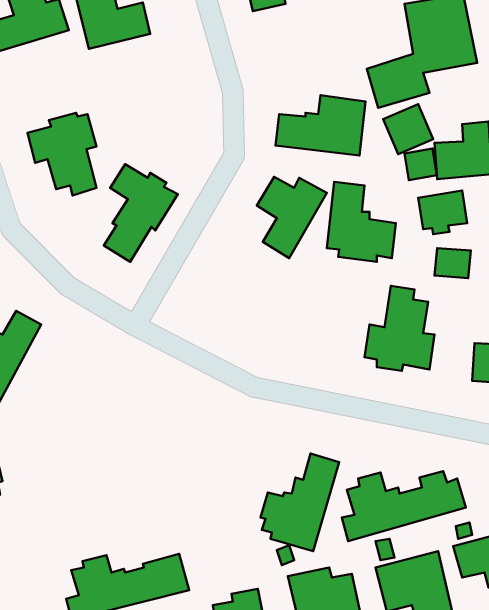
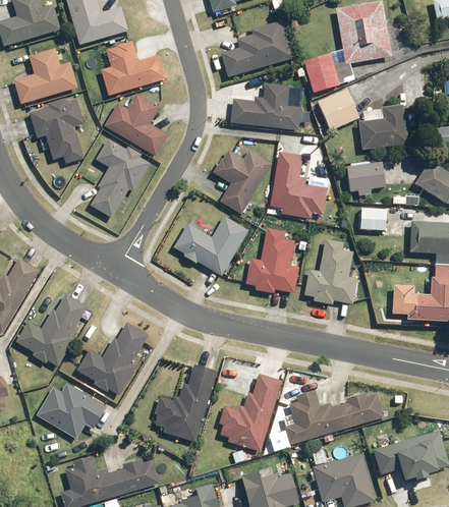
building: none -> [221,20,294,77]
building: none -> [101,41,167,96]
building: none -> [12,48,78,106]
building: none -> [105,95,167,155]
building: [404,149,437,180] -> none
building: none -> [174,214,250,277]
building: none -> [246,229,298,294]
building: none -> [15,291,88,369]
building: none -> [75,323,149,396]
building: none -> [154,364,218,442]
building: none -> [37,382,108,439]

